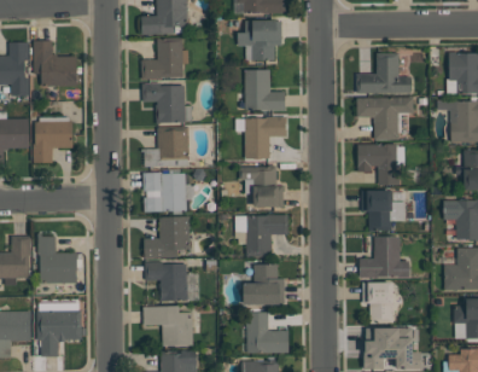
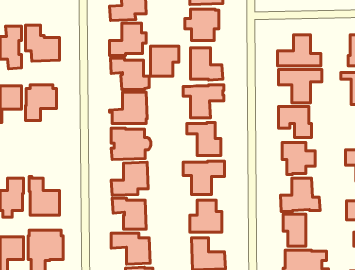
building: none -> [150,46,179,76]

